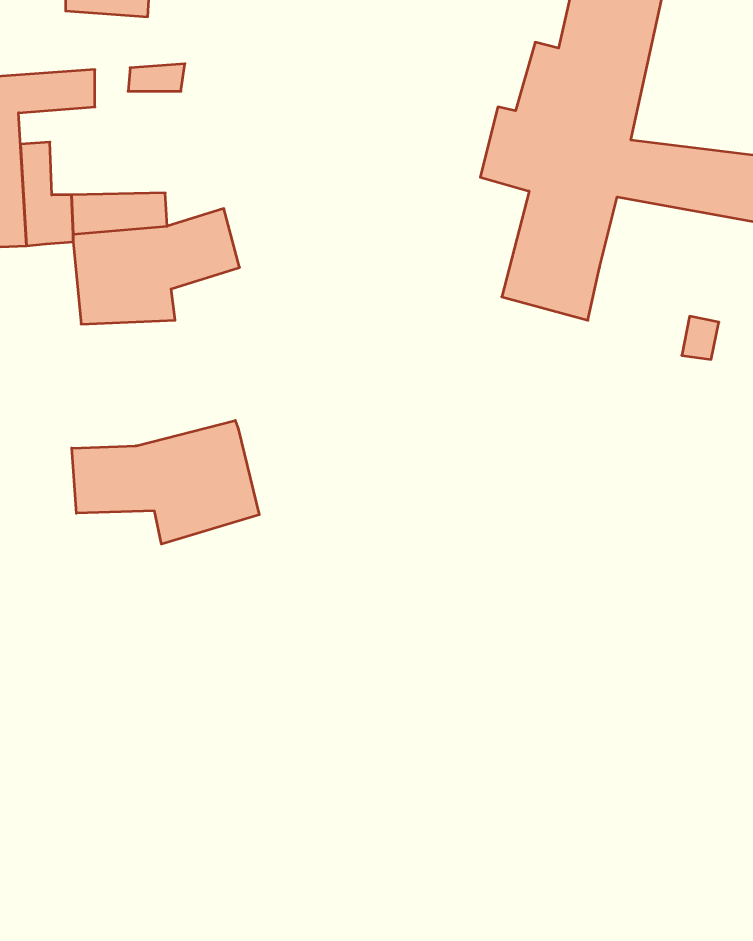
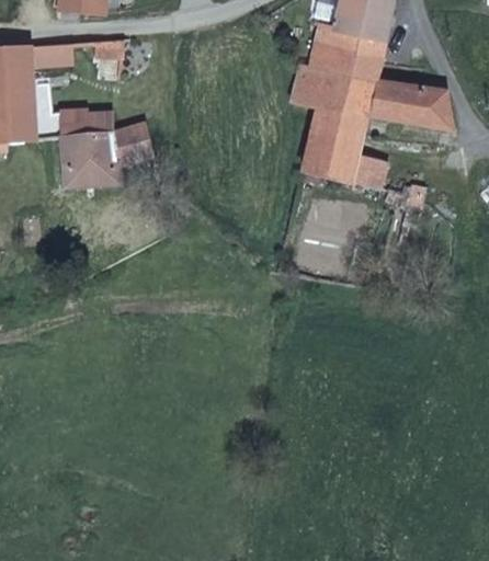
building: none -> [350,153,388,191]
building: [72,420,259,544] -> none

